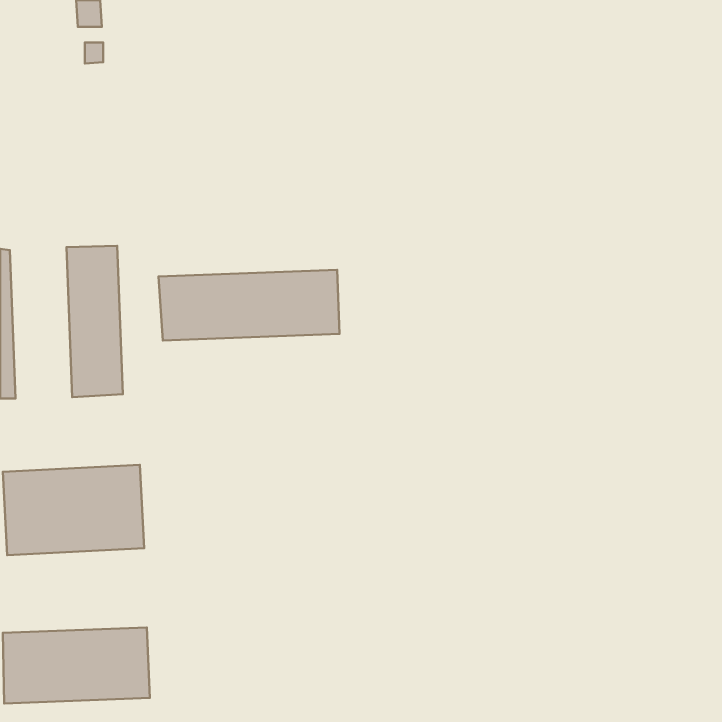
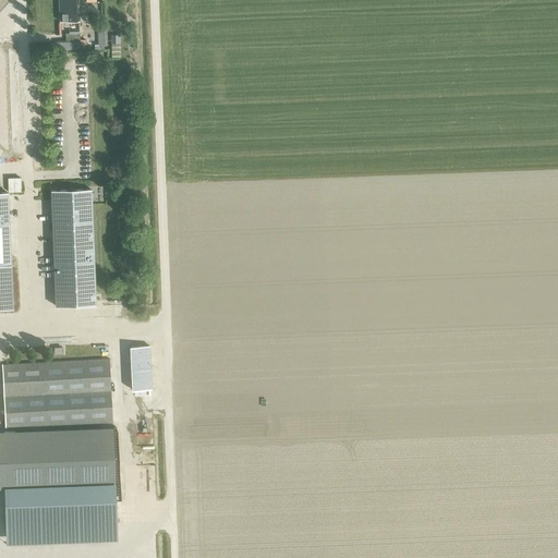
building: [159,270,339,340] -> none
building: none -> [130,345,151,390]
building: none -> [4,427,113,487]

